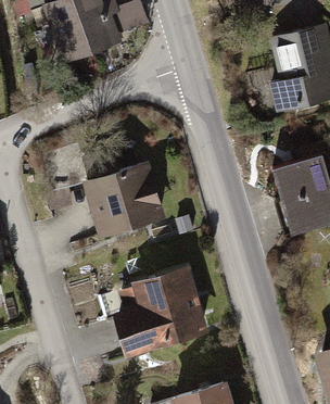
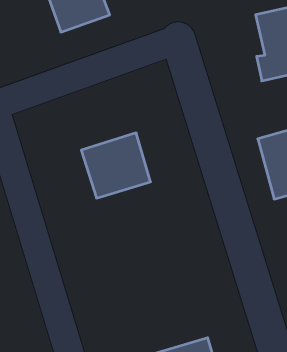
building: [111,268,207,356] -> none

